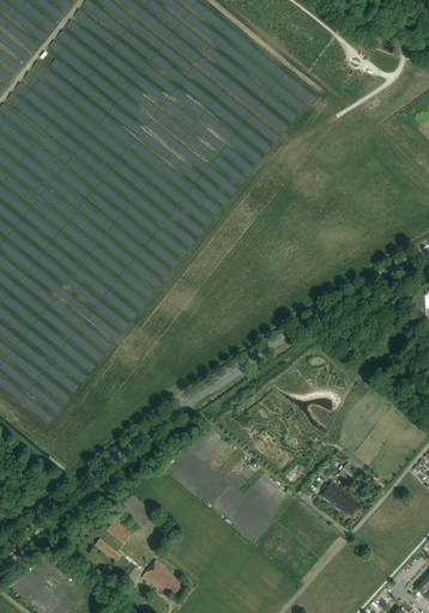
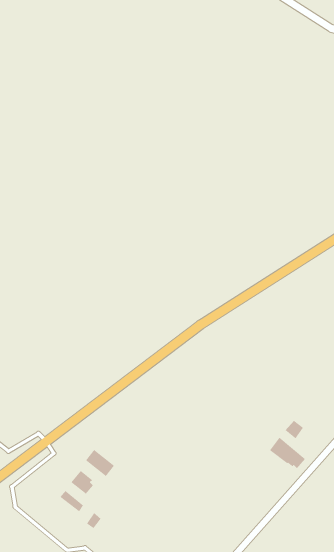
building: [143,560,183,595] -> none

